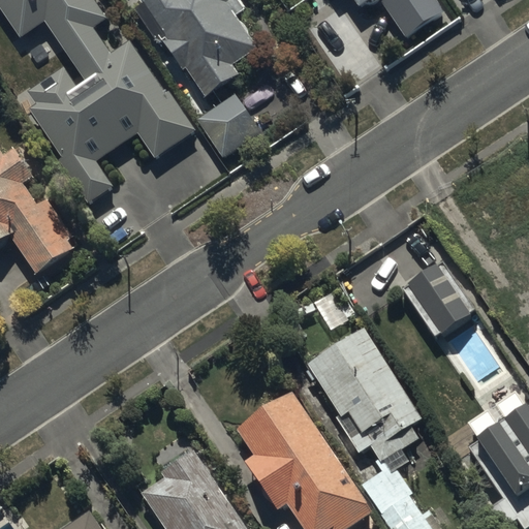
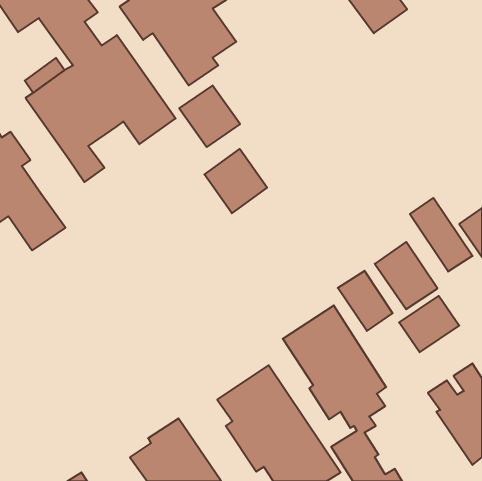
building: none -> [204,149,267,213]
building: none -> [410,198,473,272]
building: none -> [338,271,393,331]
building: none -> [399,296,459,352]

